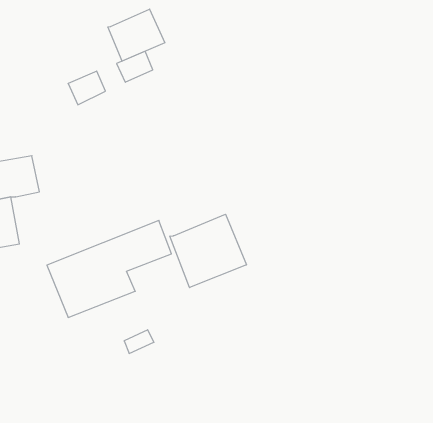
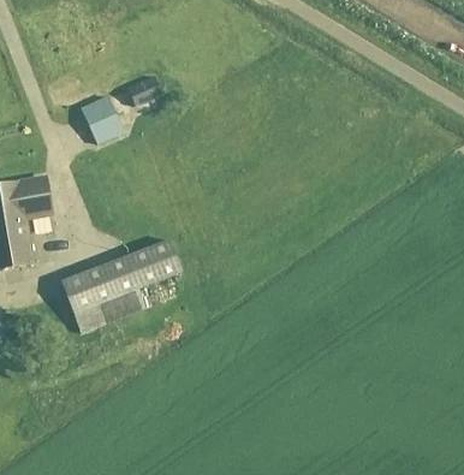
building: [108,9,165,61] -> none
building: [170,214,246,288] -> none

